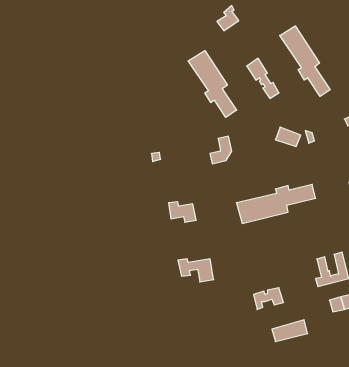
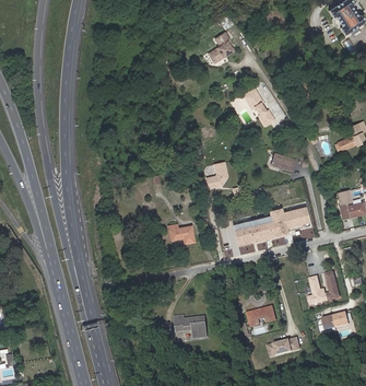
building: [280,26,330,96] -> none
building: [188,51,237,117] -> none
building: [178,259,214,282] -> [176,316,210,338]

